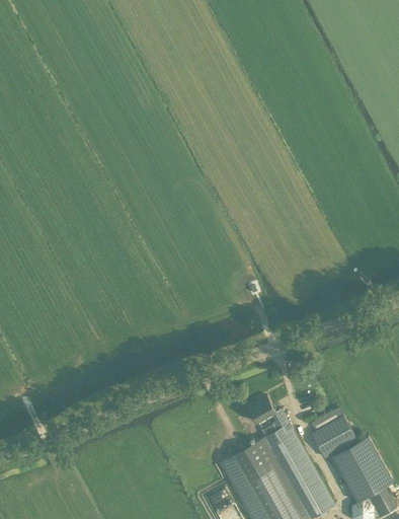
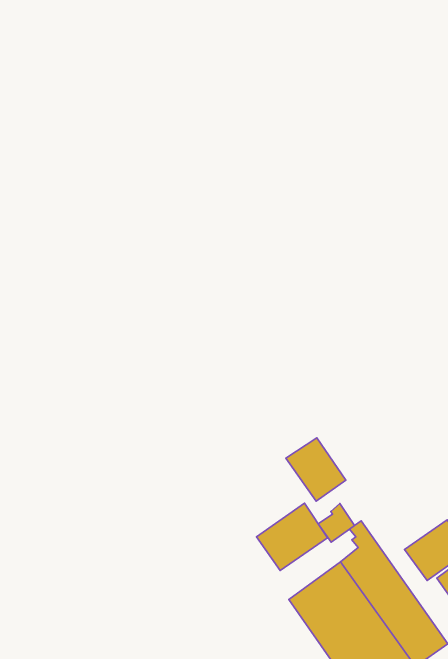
building: none -> [286,438,346,501]
building: none -> [256,503,327,570]

